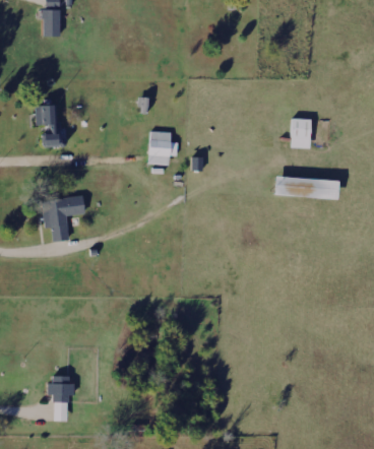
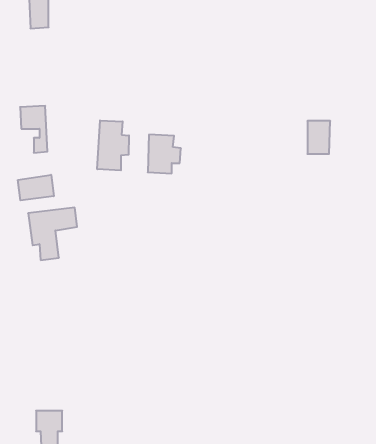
building: none -> [97,120,129,170]
building: none -> [18,175,54,200]
building: [274,176,339,198] -> none

